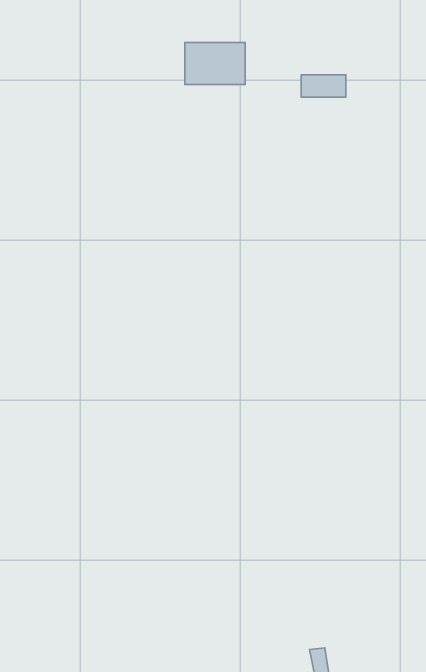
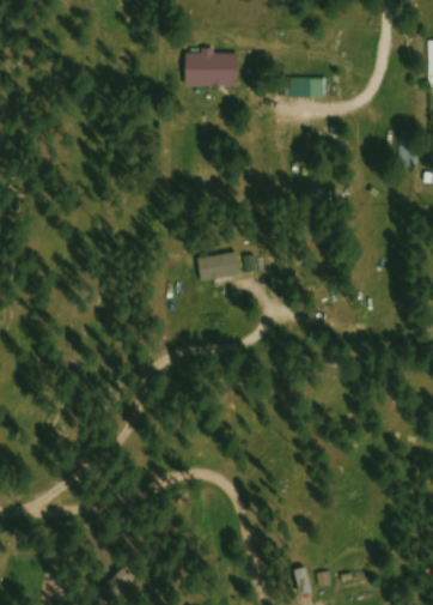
building: none -> [199,254,239,280]

